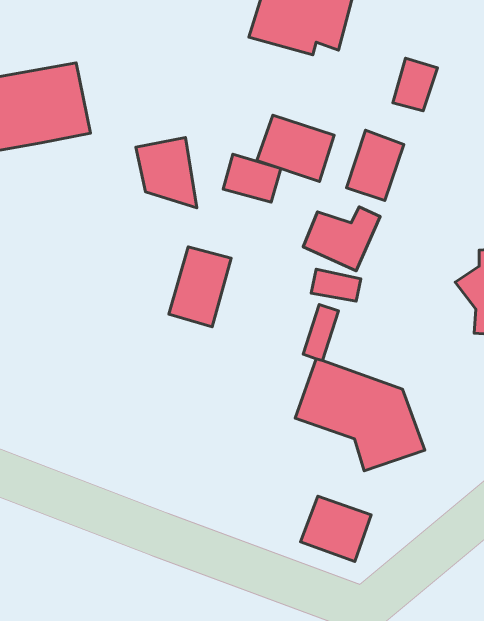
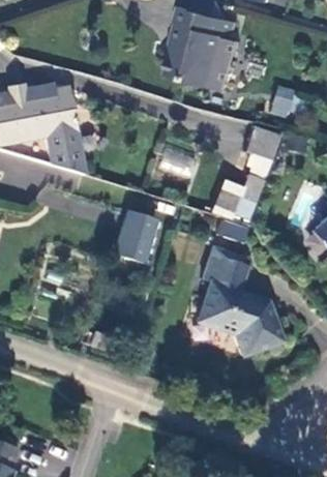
building: [257,115,334,181] -> none
building: [136,138,197,208] -> [38,132,78,178]
building: [301,496,371,562] -> none

